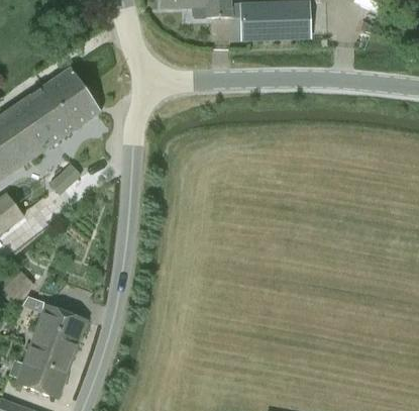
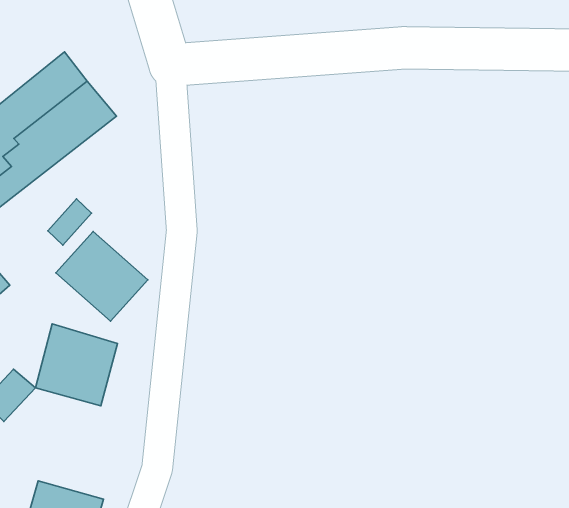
building: none -> [56,232,148,321]
building: [30,305,86,361] -> [35,324,118,406]

